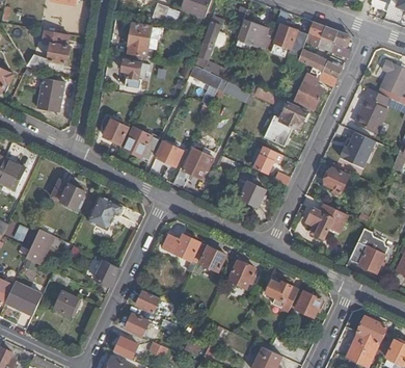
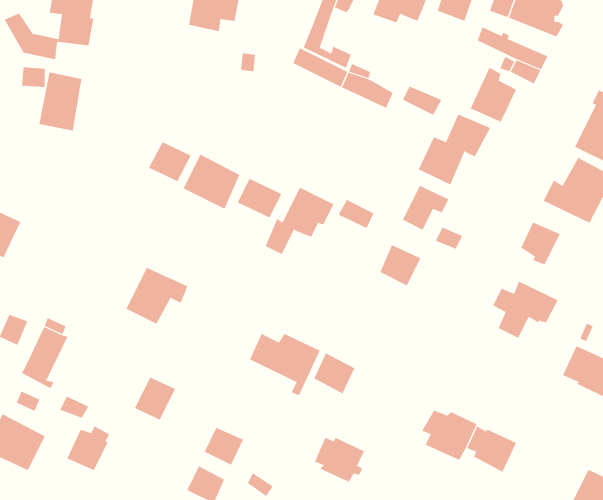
building: [120,58,145,87] -> none
building: [51,179,84,208] -> none
building: [225,260,255,287] -> [314,437,365,483]

